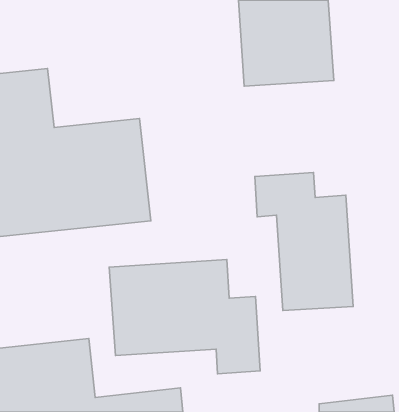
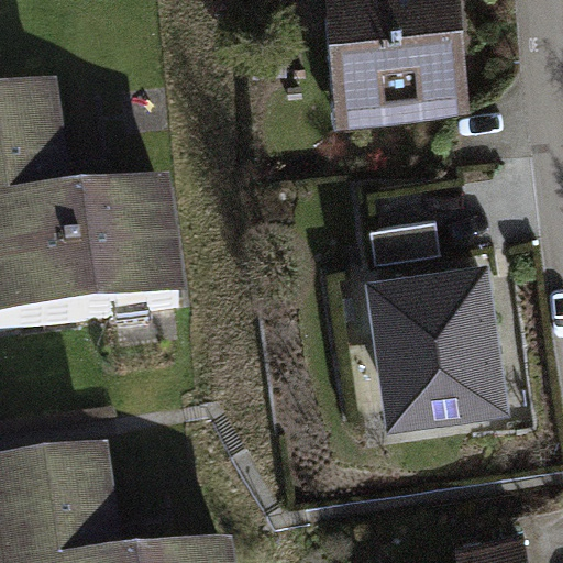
building: [109,259,260,374] -> none

